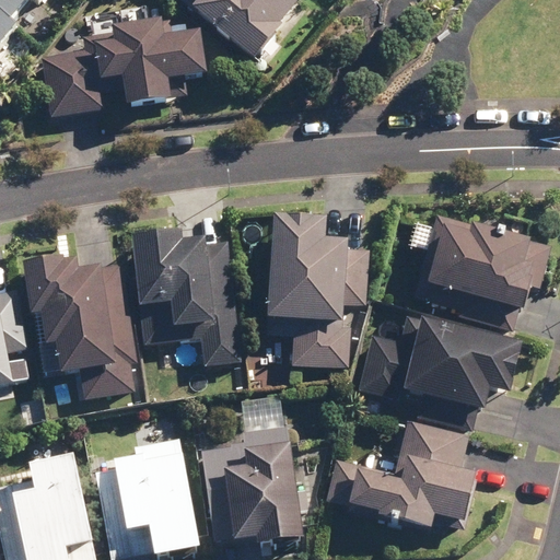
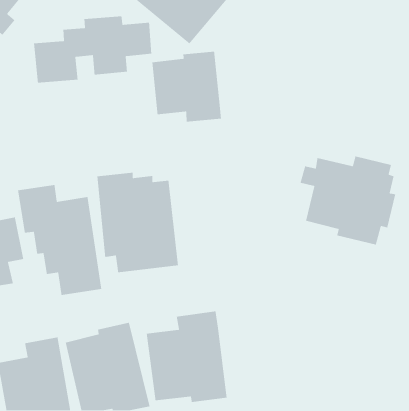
building: none -> [151,51,222,123]
building: [268,217,350,368] -> none
building: [357,313,523,429] -> none
building: [323,422,477,529] -> none

